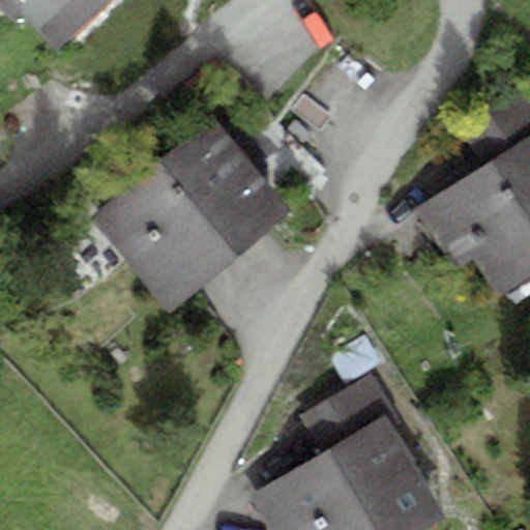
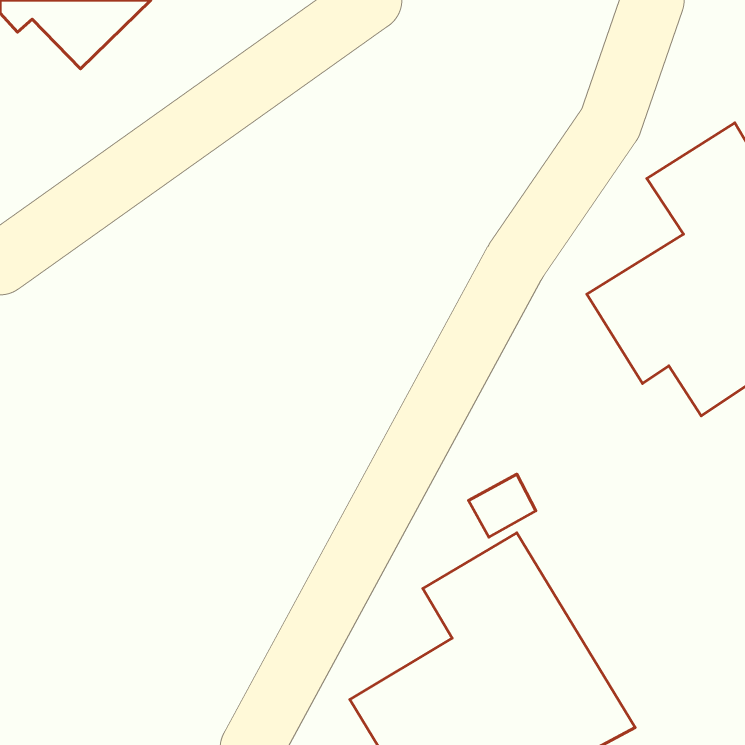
building: [89,114,294,313] -> none

